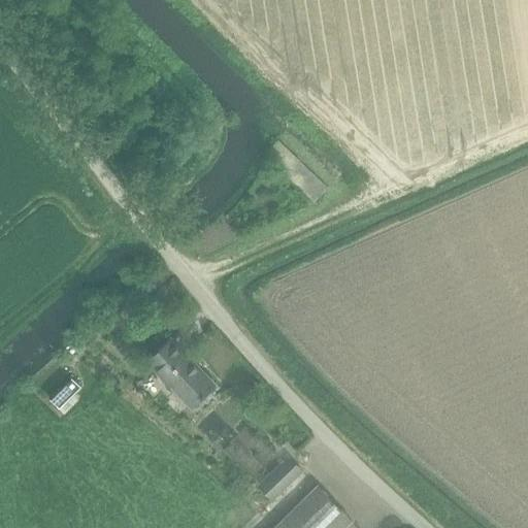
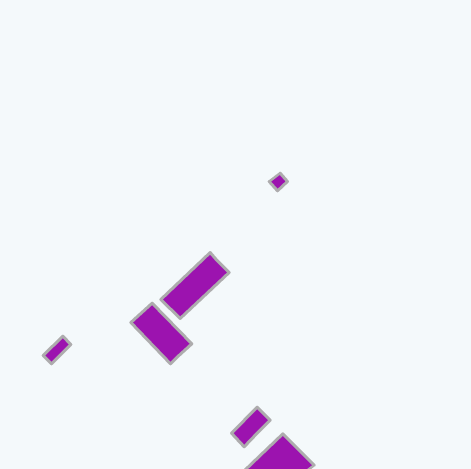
building: none -> [161,253,229,319]

